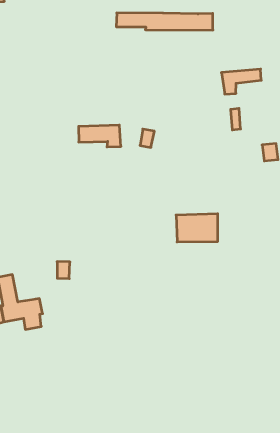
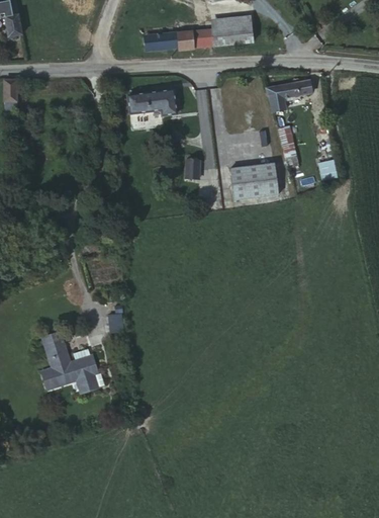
building: [79,125,121,147] -> [127,89,176,114]
building: [176,214,218,242] -> [228,162,277,197]

